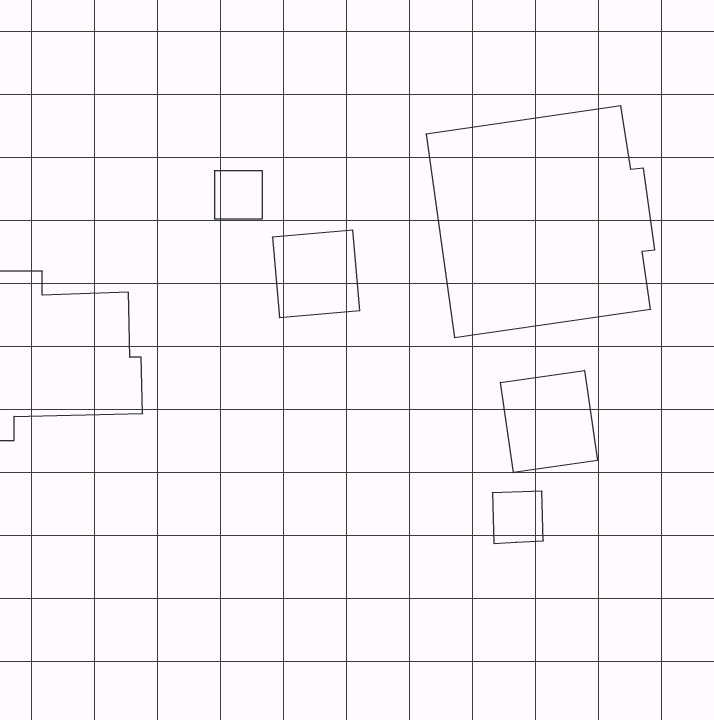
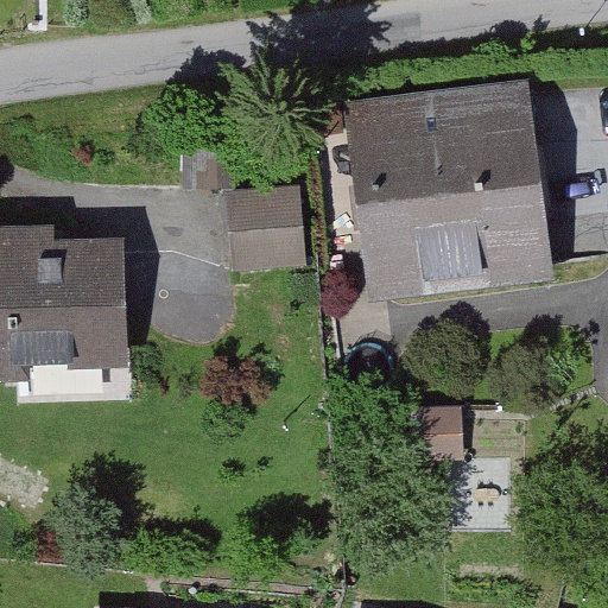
building: [500,370,597,473] -> none

